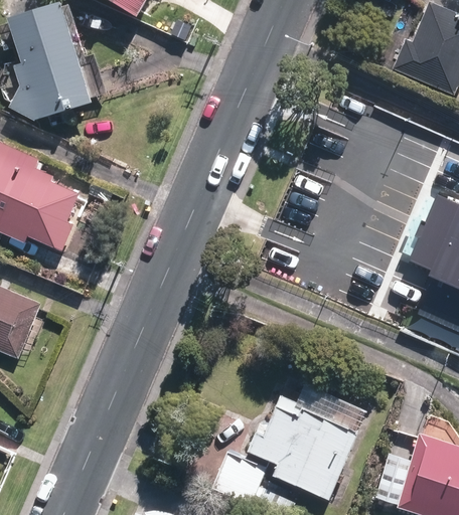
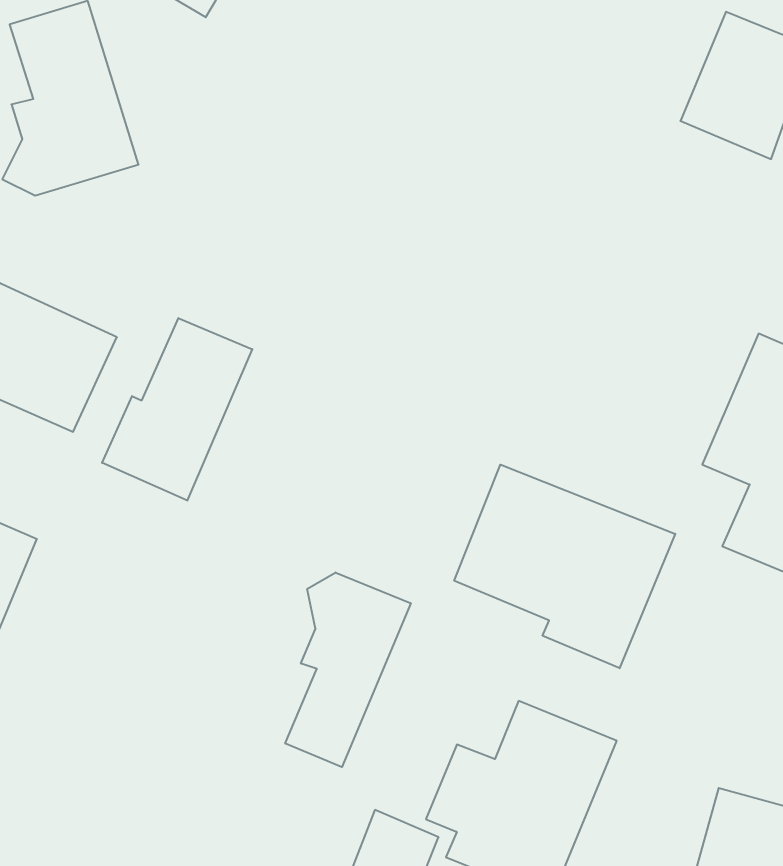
building: none -> [102,318,252,501]
building: none -> [454,465,675,668]
building: none -> [285,572,411,767]

